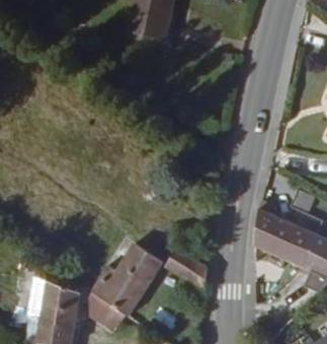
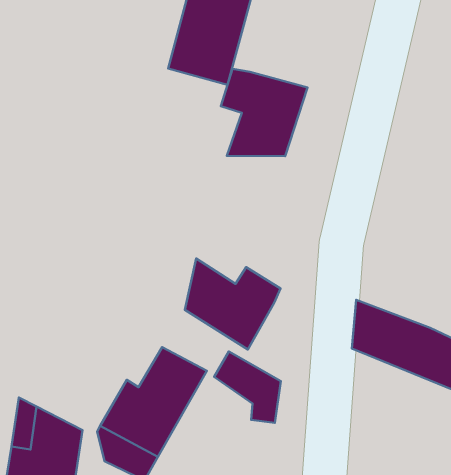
building: none -> [221,69,307,156]
building: none -> [185,258,281,349]

